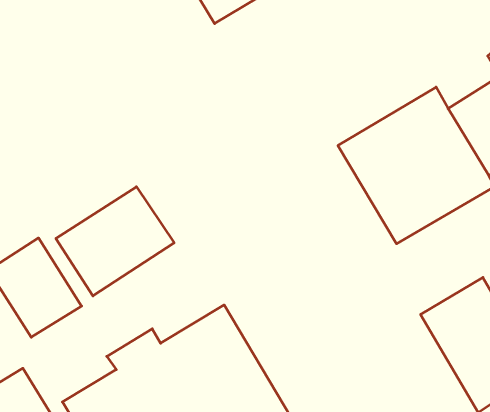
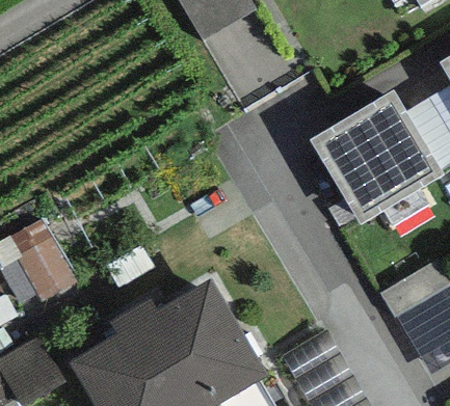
building: [56,187,174,296] -> none

